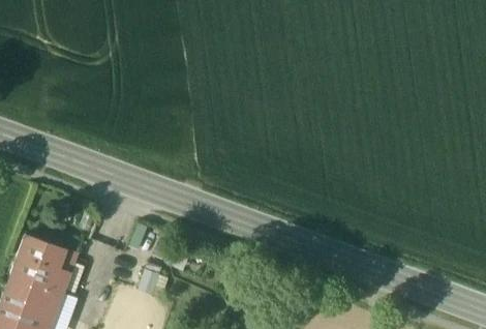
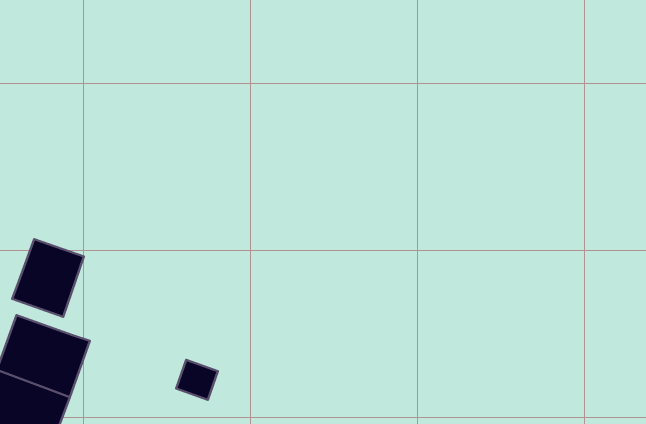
building: none -> [12,239,84,317]

